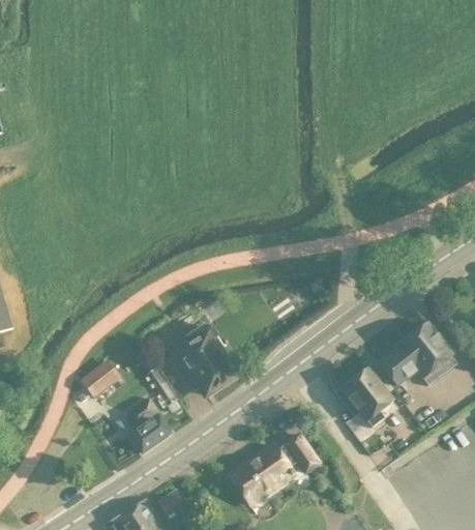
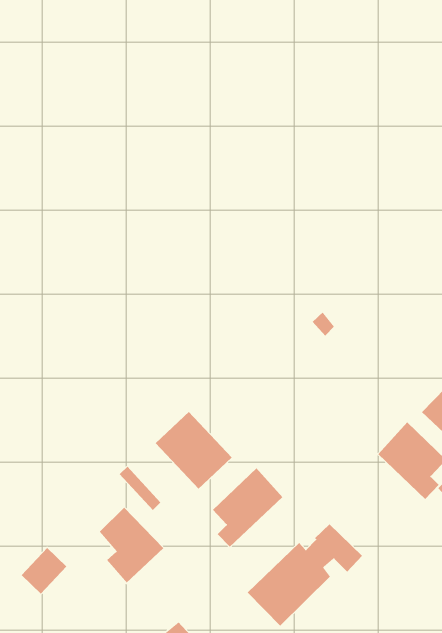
building: [82,361,117,395] -> [21,547,67,595]
building: none -> [212,468,283,548]

